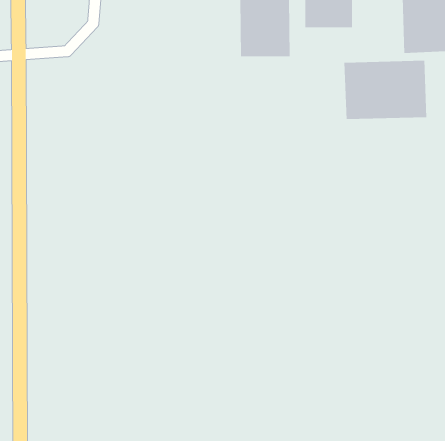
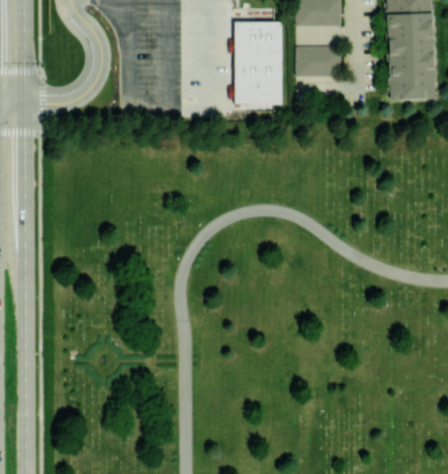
building: [344,60,427,120] -> none

